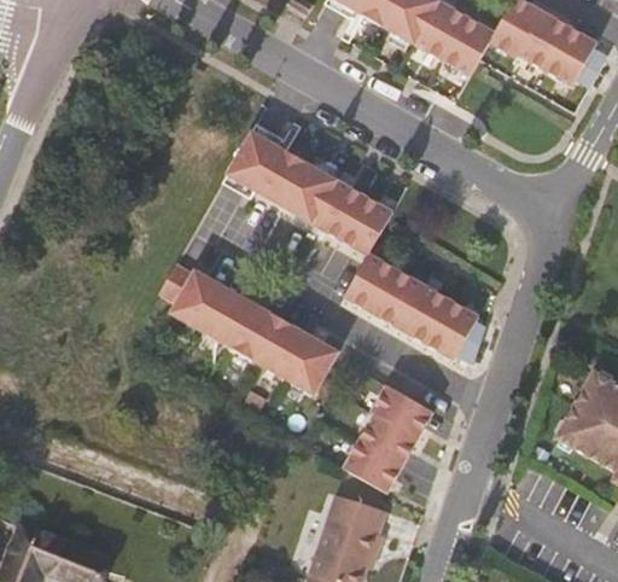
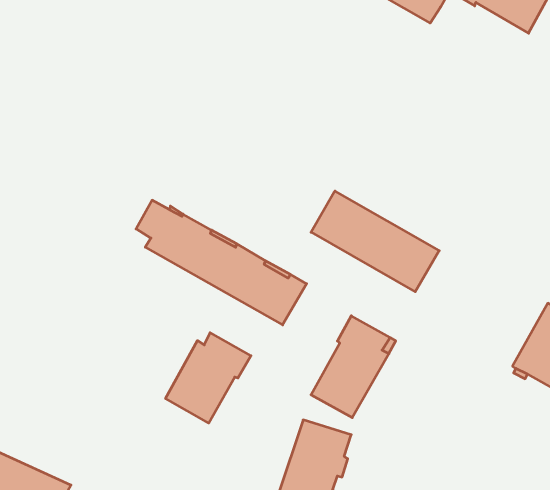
building: [227,130,392,255] -> none
building: none -> [166,333,251,423]

